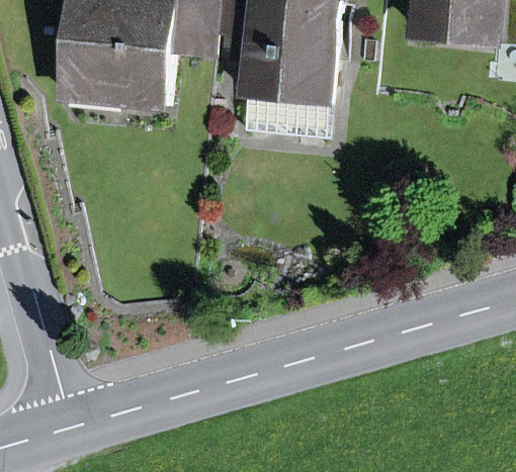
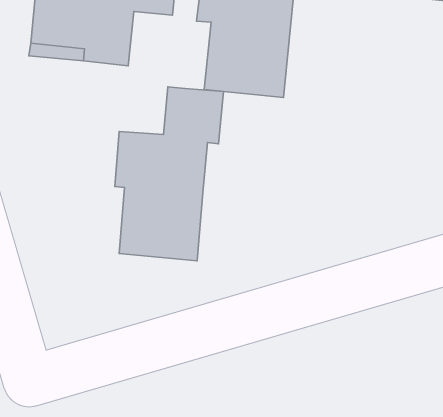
building: none -> [115,87,223,261]

